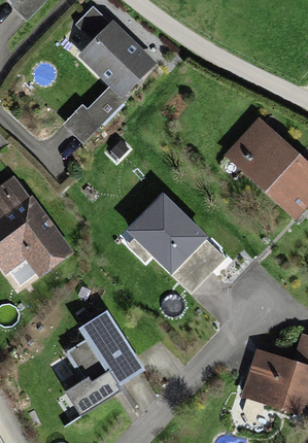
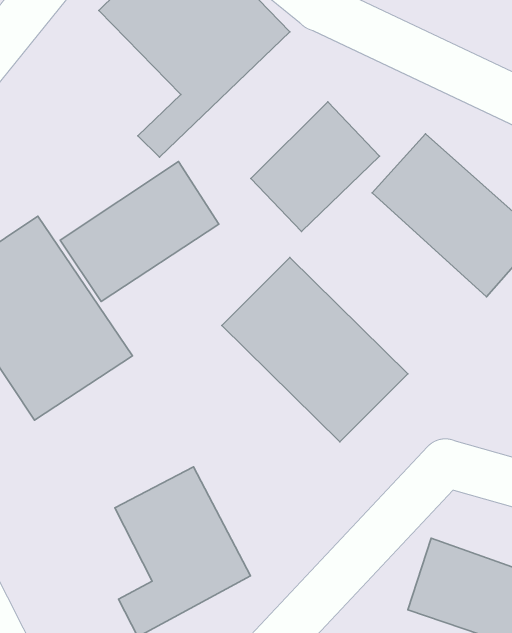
building: none -> [251,102,379,231]
building: none -> [60,161,219,301]

